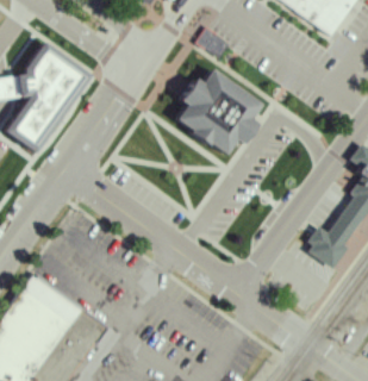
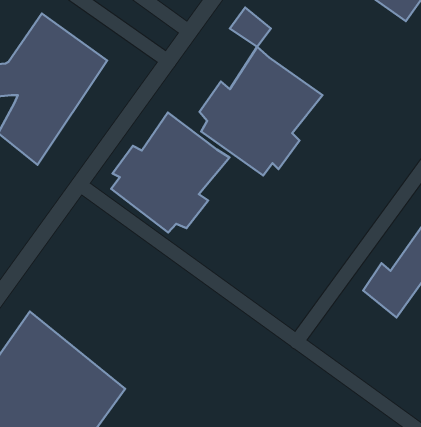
building: none -> [111,112,230,232]

